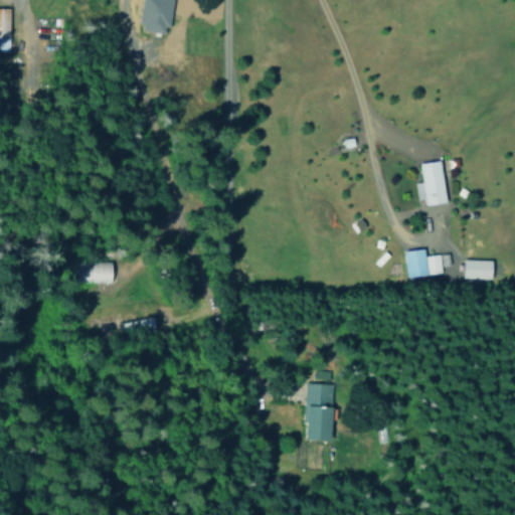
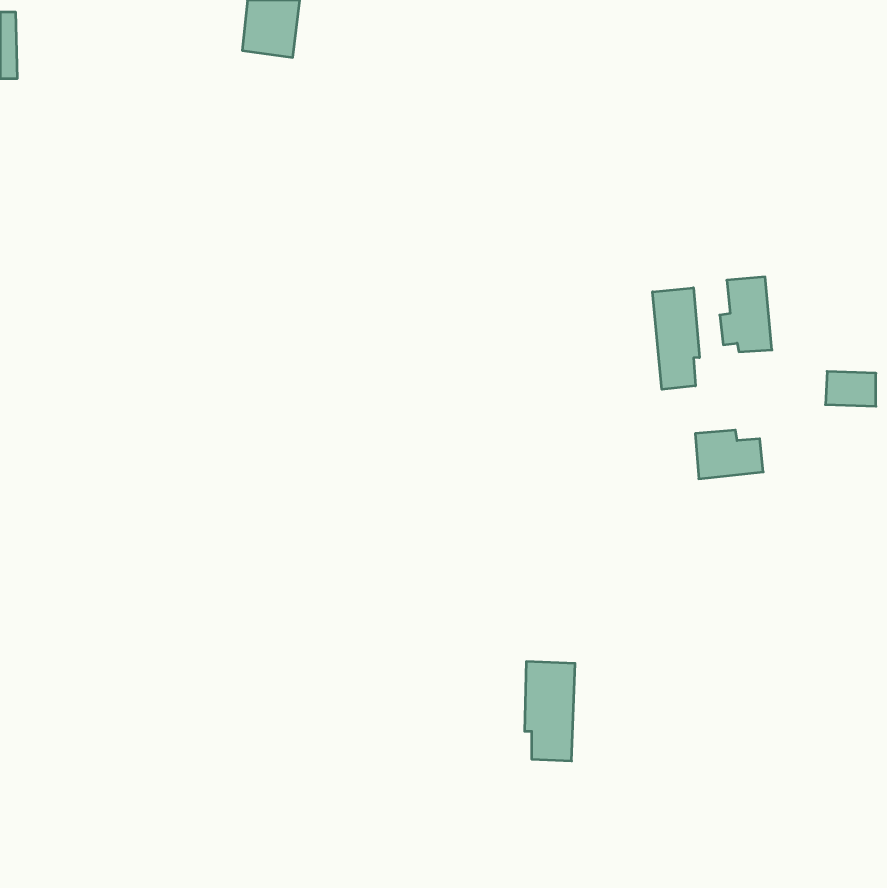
building: none -> [653,288,699,389]
building: [465,260,494,280] -> [825,371,876,406]
building: [77,263,114,283] -> none

